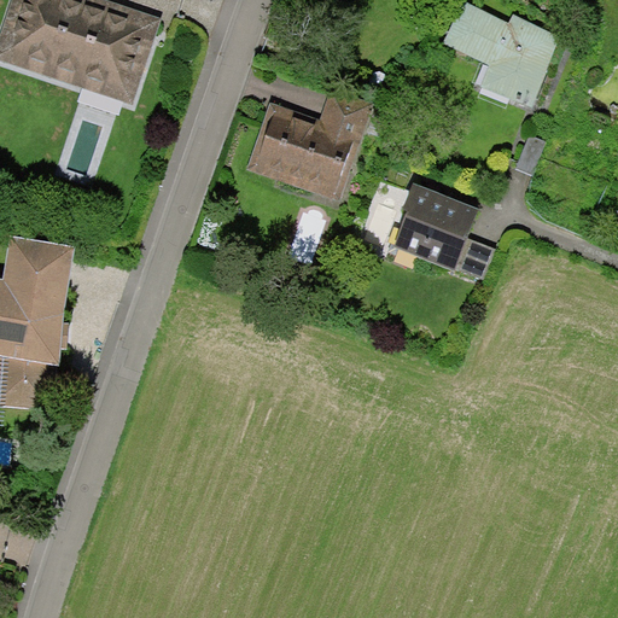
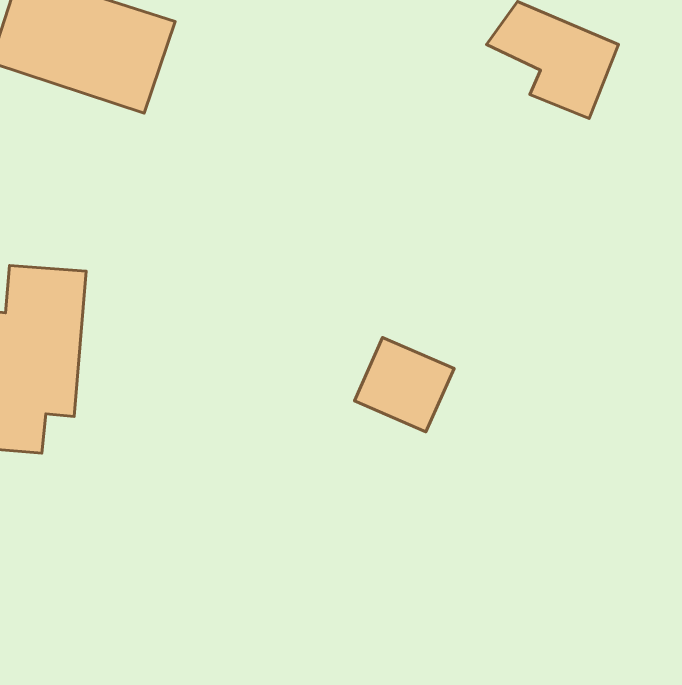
building: [247,88,366,197] -> none
building: [389,186,478,270] -> [354,338,454,432]

